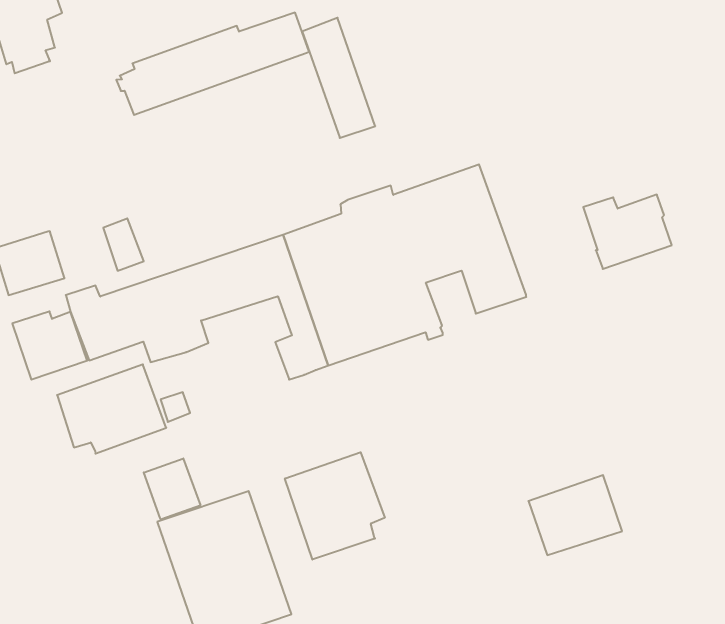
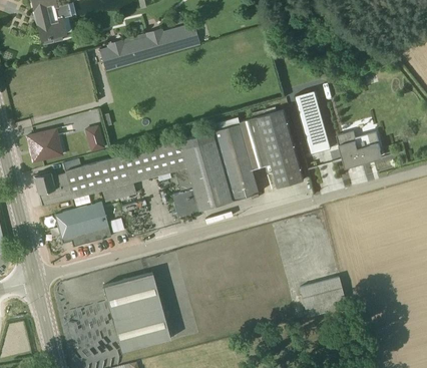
building: [302,18,375,138] -> [296,90,331,153]
building: [285,452,385,560] -> none
building: [144,458,200,519] -> none

